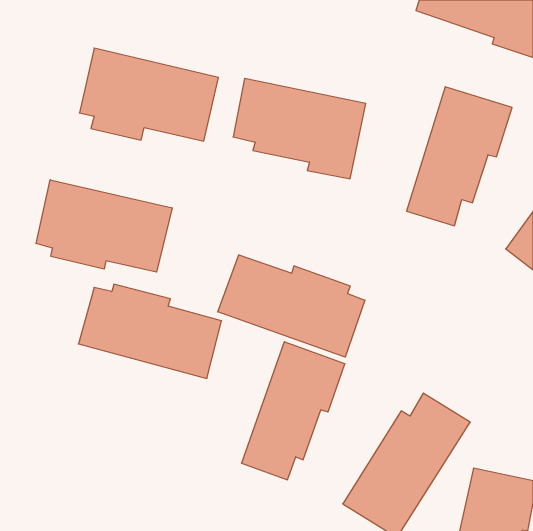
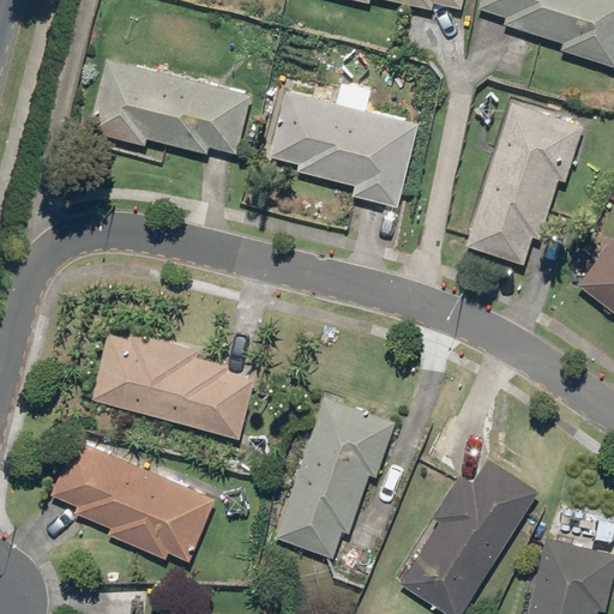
building: [36,180,172,272] -> none
building: [218,255,365,357] -> none
building: none -> [50,438,213,558]

